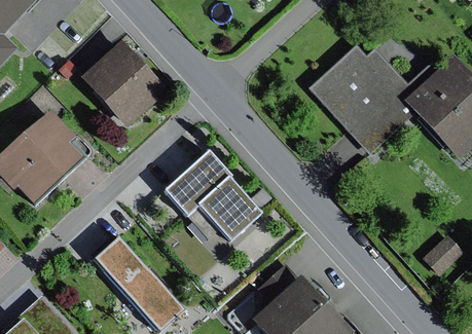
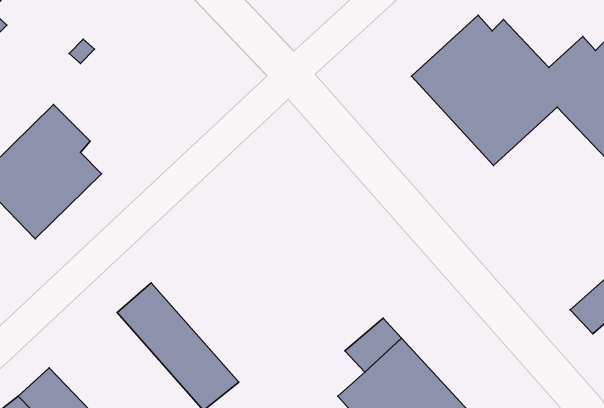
building: [79,41,167,127] -> none
building: [164,151,259,242] -> none

